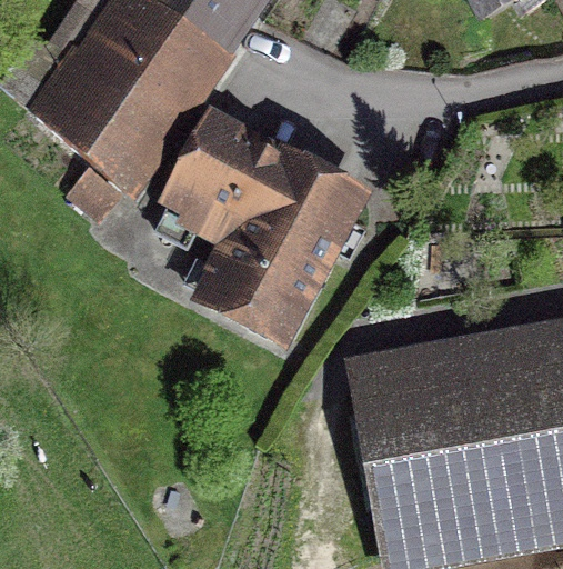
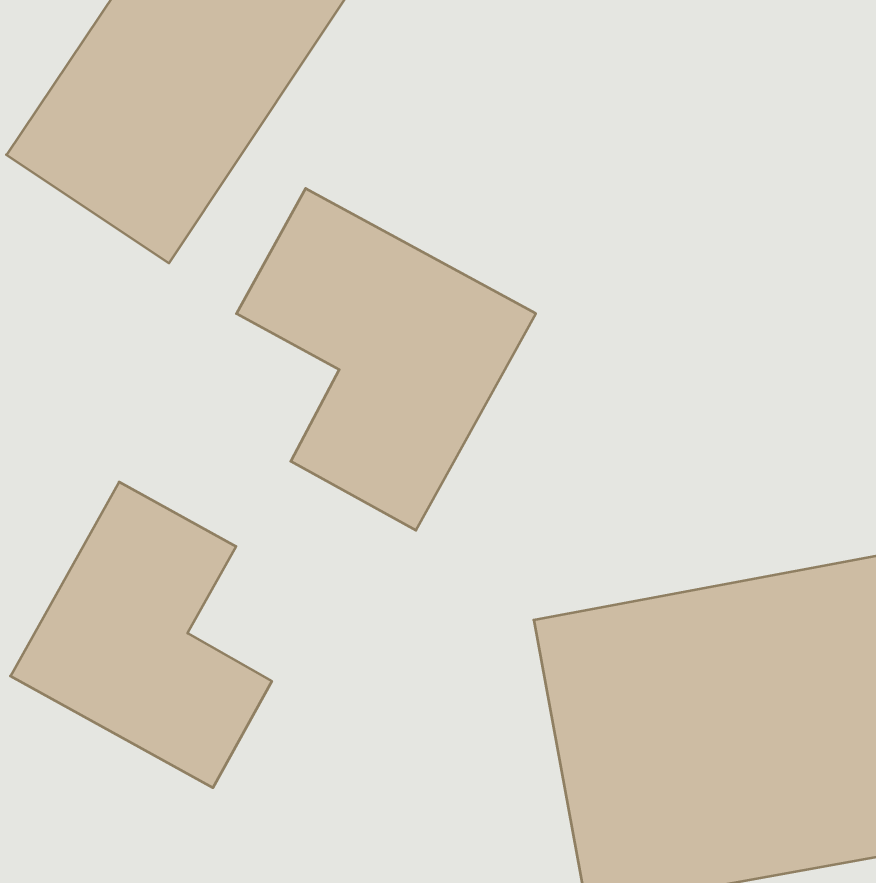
building: none -> [10,482,272,788]

